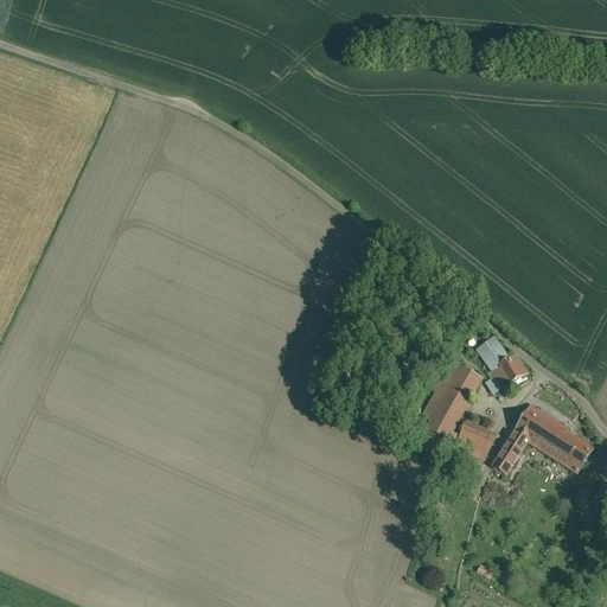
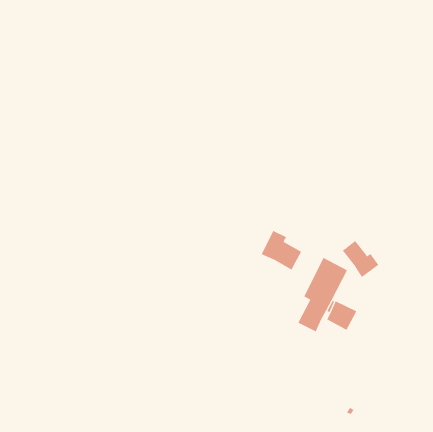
building: none -> [261,230,302,270]
building: [491,402,592,475] -> none

